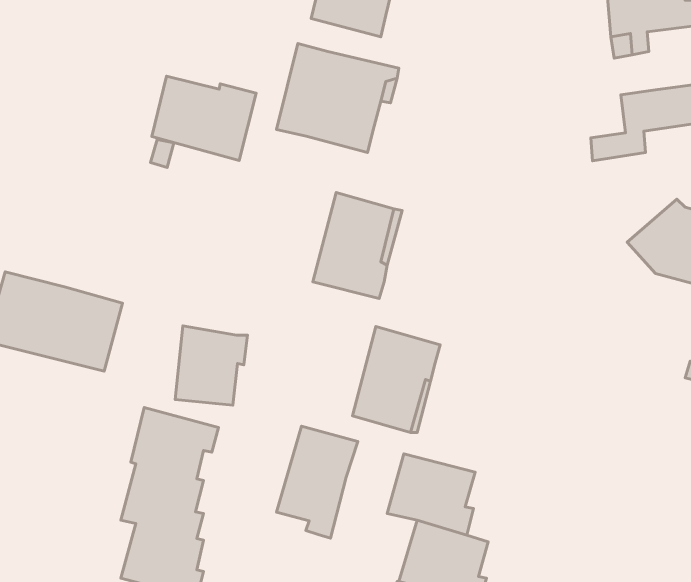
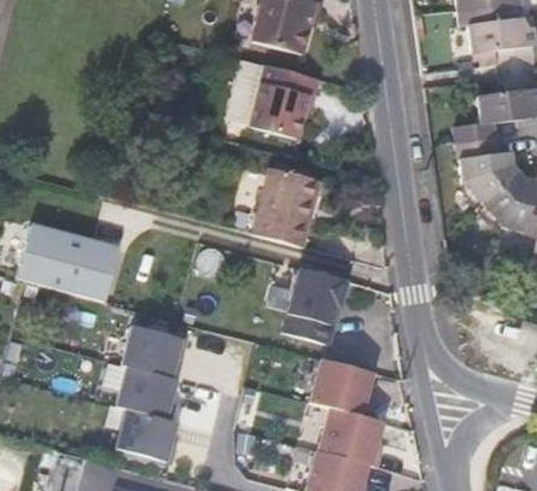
building: [152,76,256,161] -> none
building: none -> [457,139,519,204]
building: [175,326,248,405] -> none
building: [276,426,358,538] -> none

